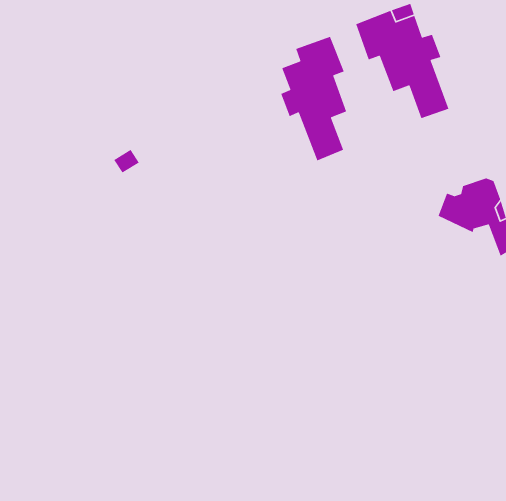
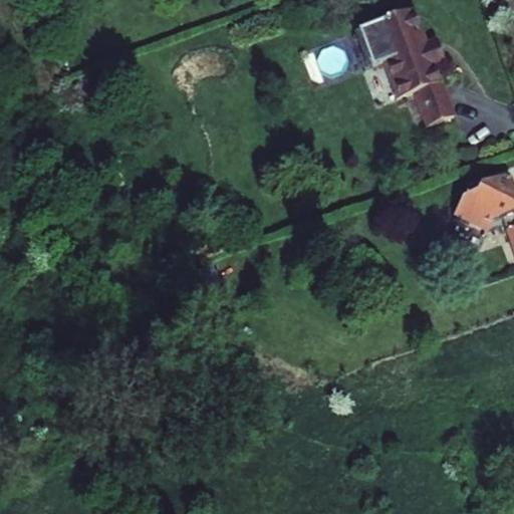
building: [280,36,347,161] -> none

